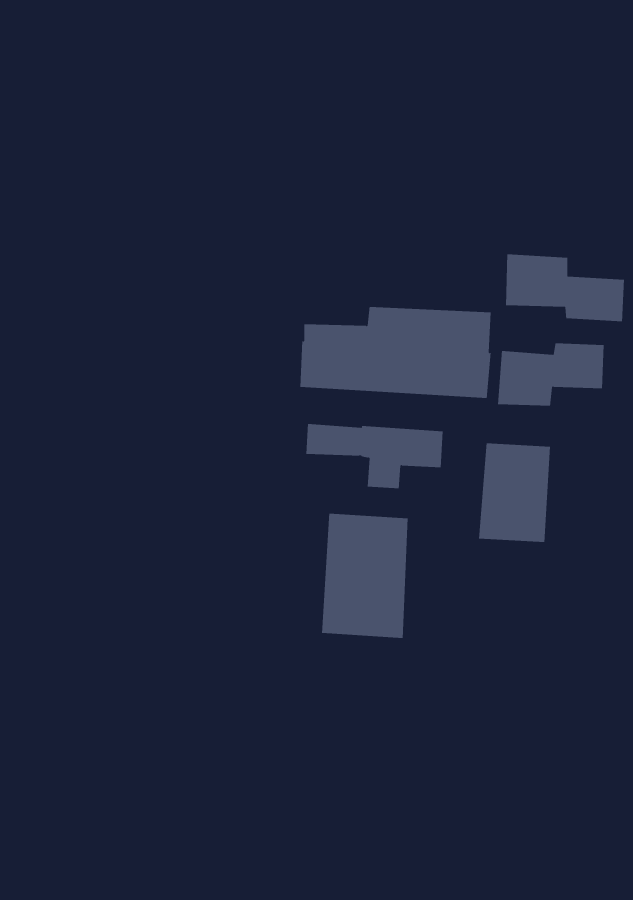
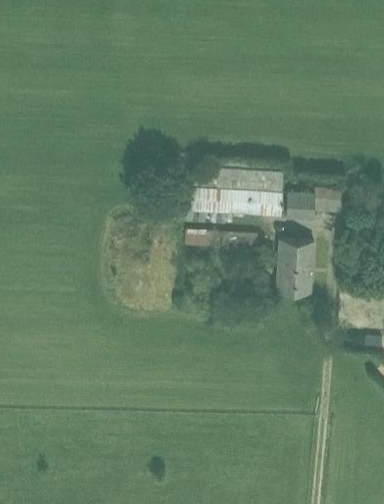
building: [506,253,625,322] -> none
building: [321,513,408,639] -> none

